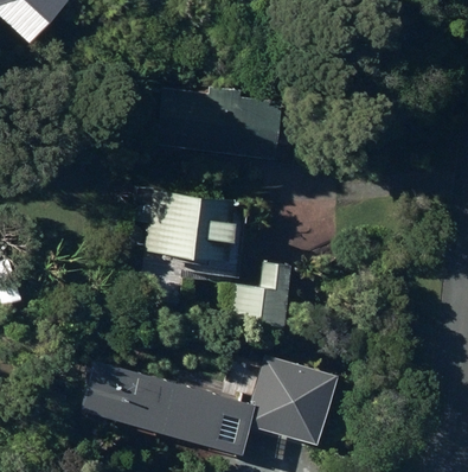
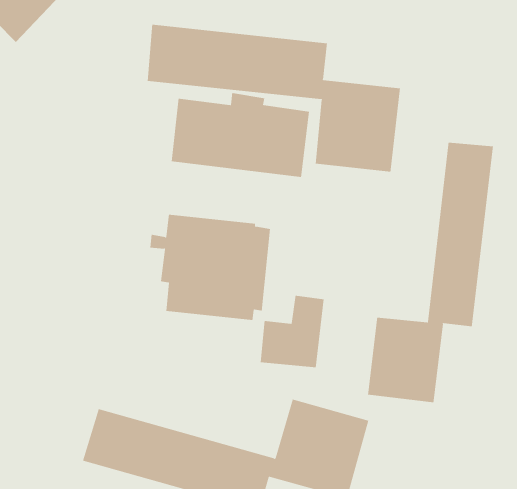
building: none -> [147,24,400,172]
building: none -> [368,142,493,403]

